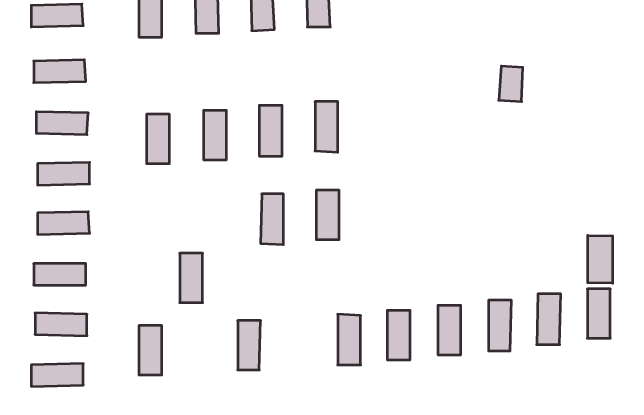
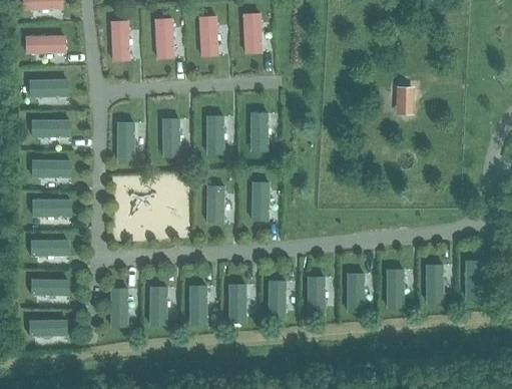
building: [588,235,613,283] -> none
building: [180,253,203,303] -> [150,287,168,326]
building: none -> [228,284,246,323]

